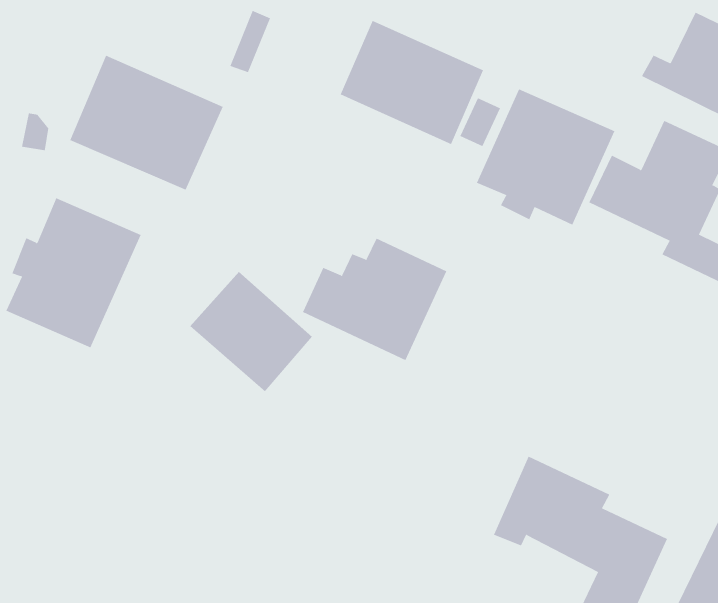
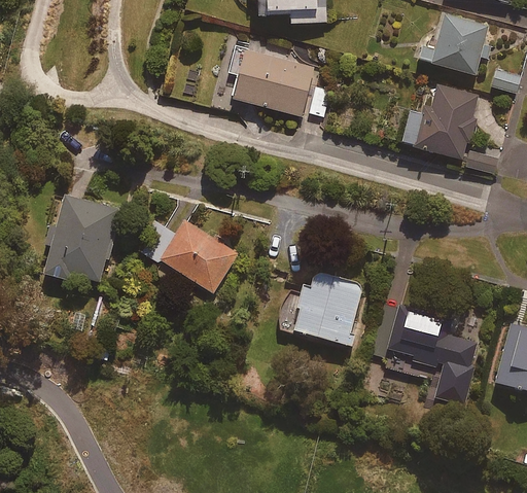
building: [69,55,224,191] -> none
building: [476,88,615,226] -> none
building: [302,238,447,361] -> [281,273,366,346]

